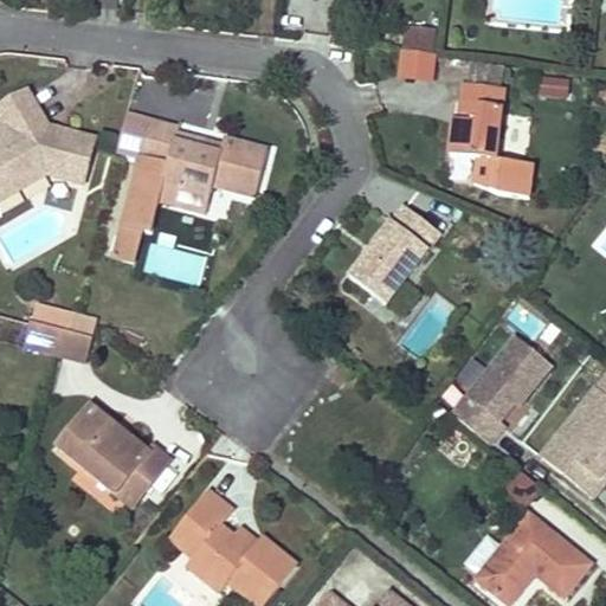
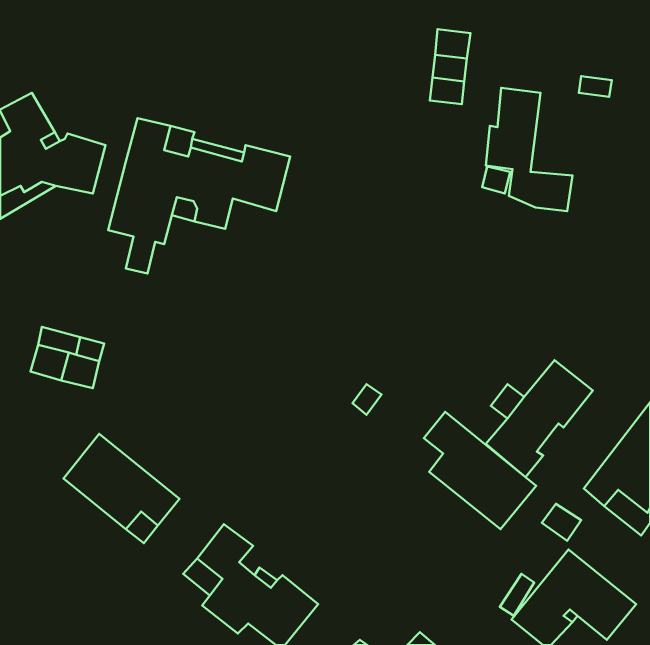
building: [349,205,439,302] -> none
building: none -> [424,412,536,529]

